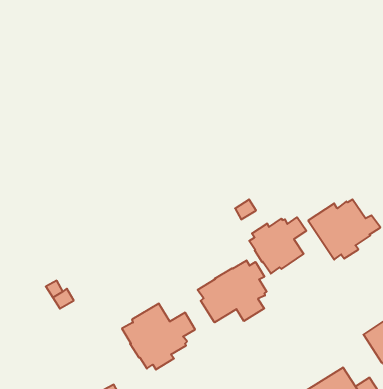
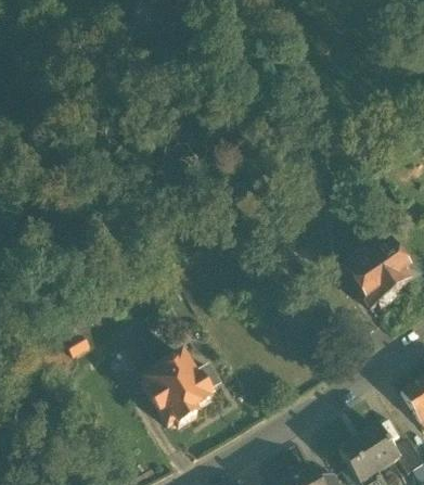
building: [249,217,306,274] -> none
building: [198,260,267,322] -> none

